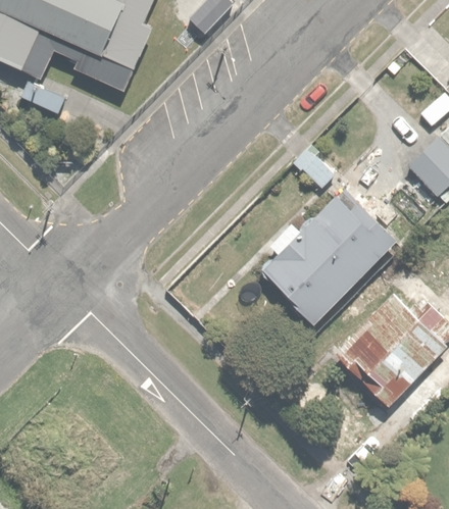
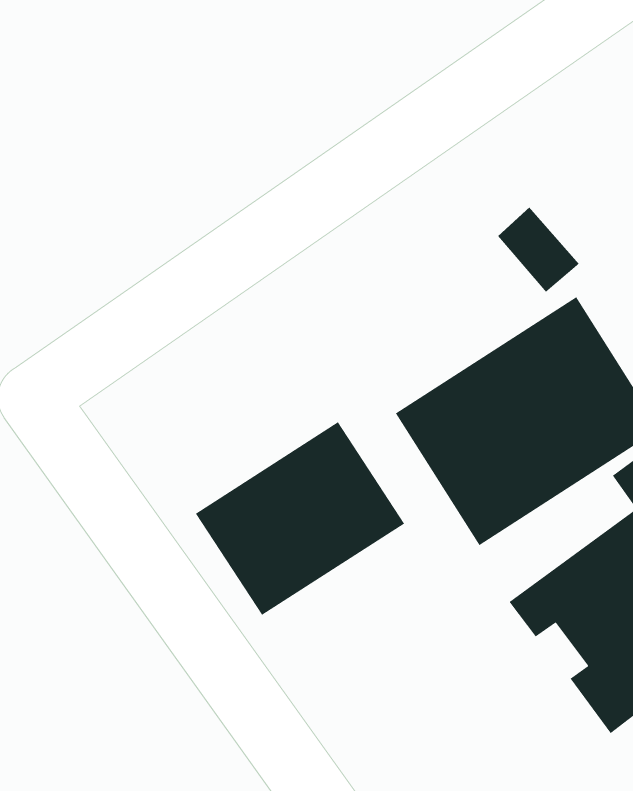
building: none -> [195,421,405,616]

